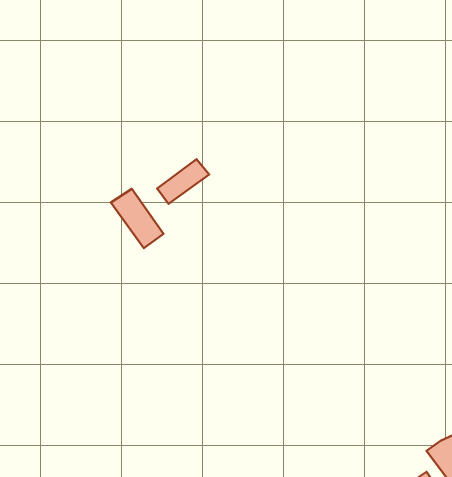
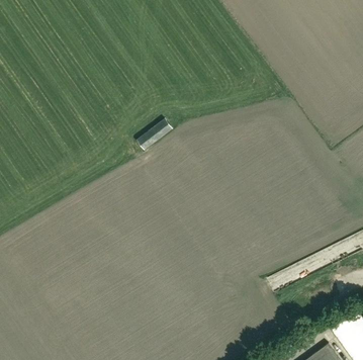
building: [111,189,163,248] -> none

